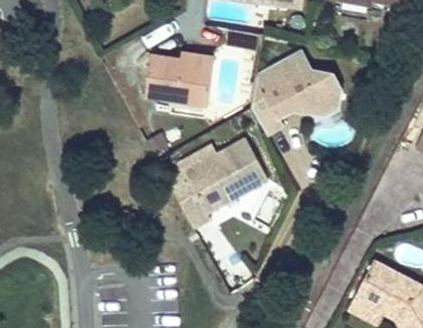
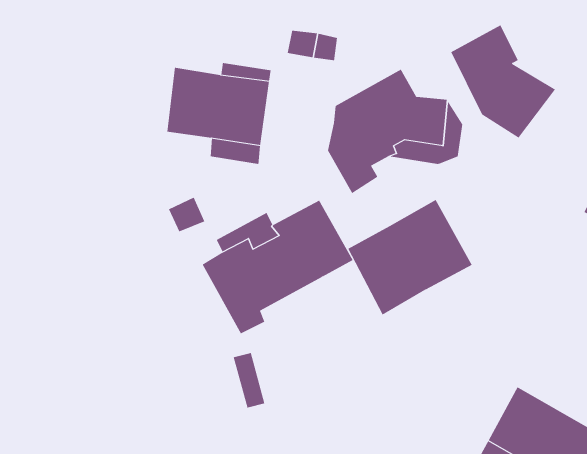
building: none -> [451,24,556,138]
building: none -> [347,199,473,315]

